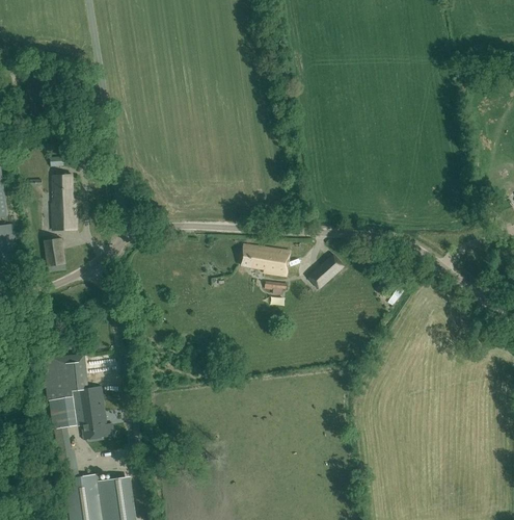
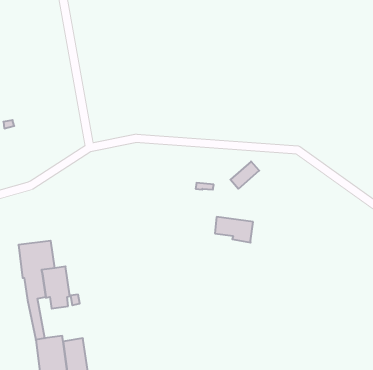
building: [52,174,77,230] -> none
building: [44,237,66,271] -> none
building: [242,244,290,277] -> [215,217,253,243]

